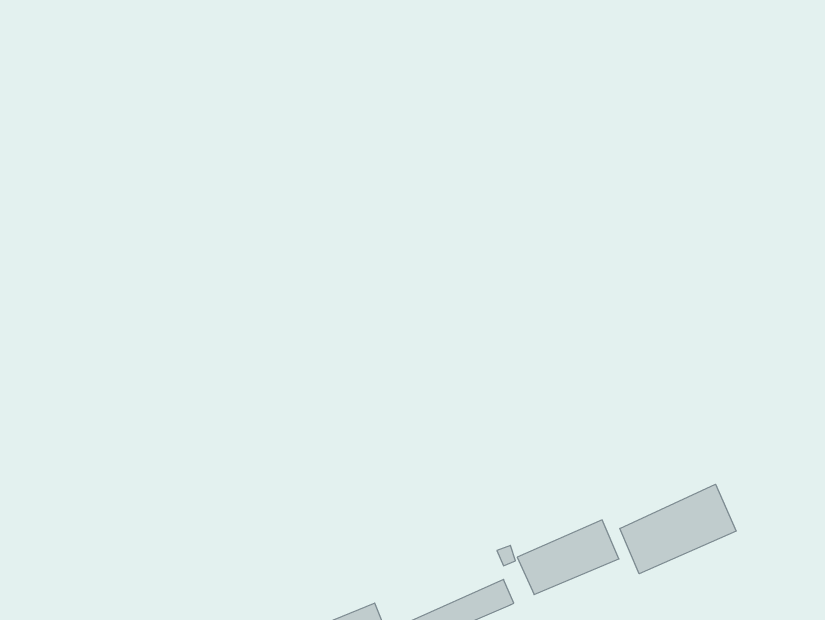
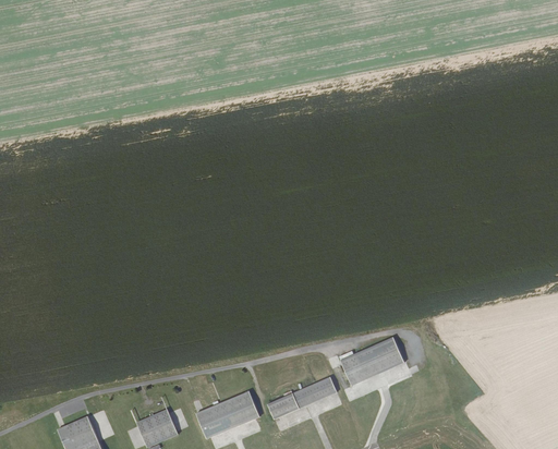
building: [620,484,736,574] -> none

